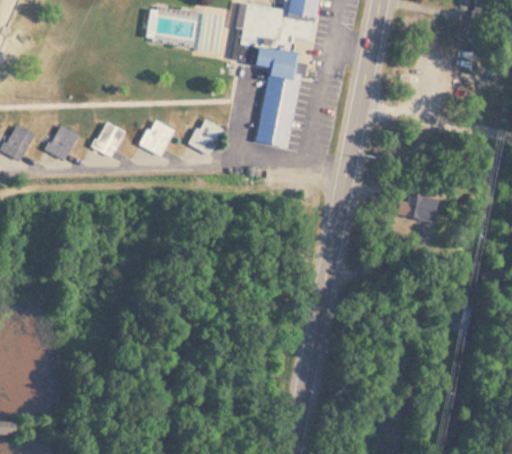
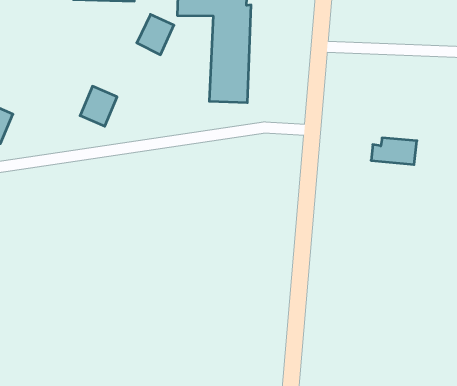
building: [188,118,223,155] -> [137,14,174,55]
building: [92,121,124,157] -> none

